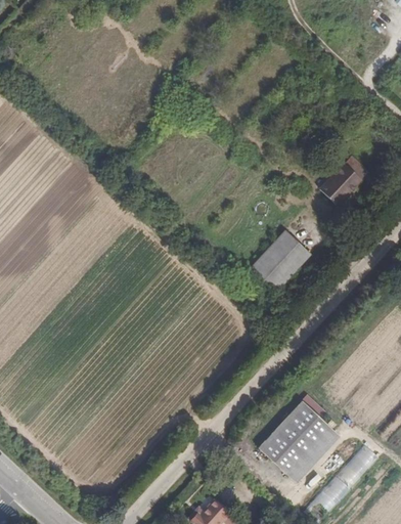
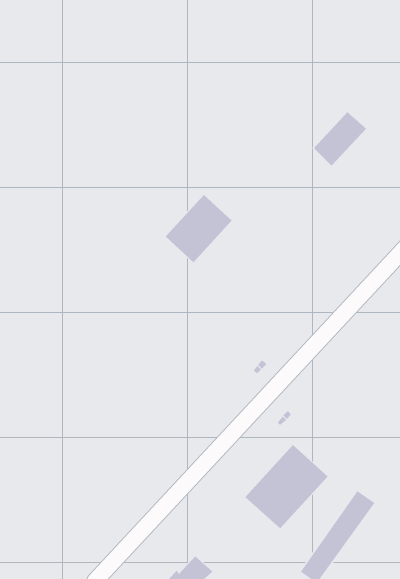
building: [320,157,368,206] -> [313,111,367,166]
building: [251,230,311,292] -> [165,194,233,263]

